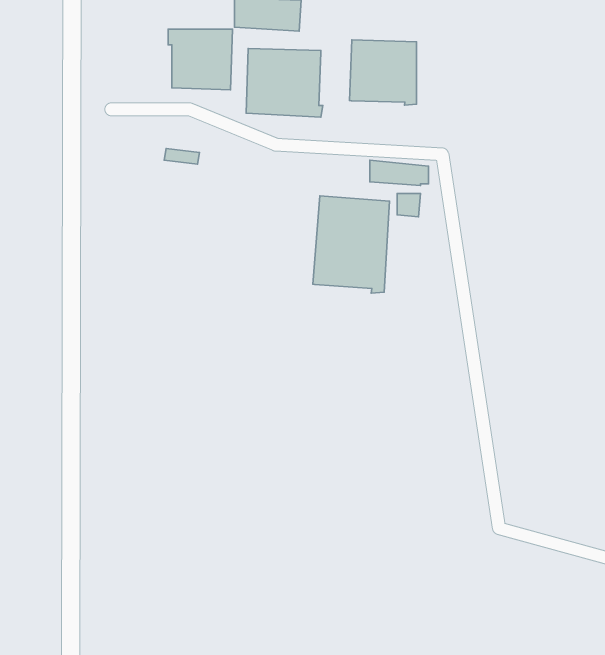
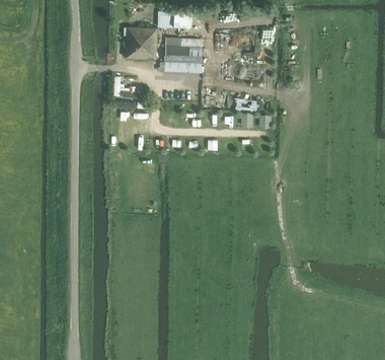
building: [350,40,417,105] -> none
building: [313,196,389,293] -> none

